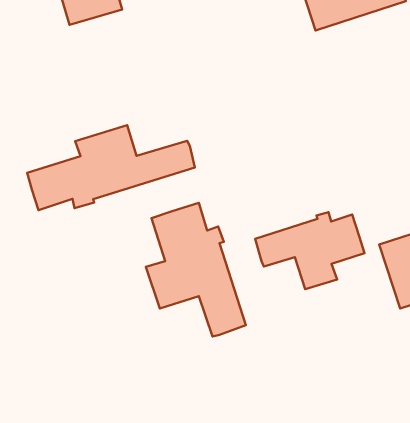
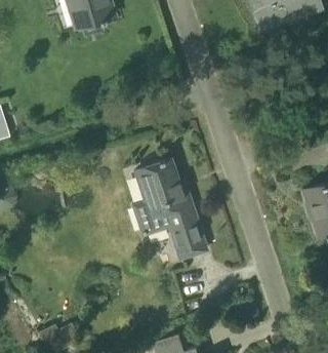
building: [27,125,195,210] -> none
building: [255,212,364,289] -> none

